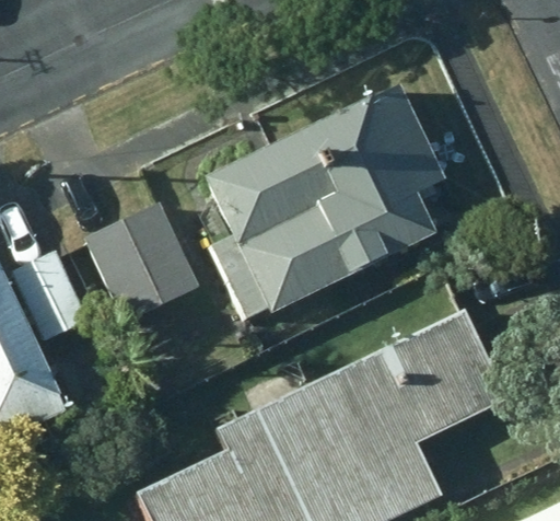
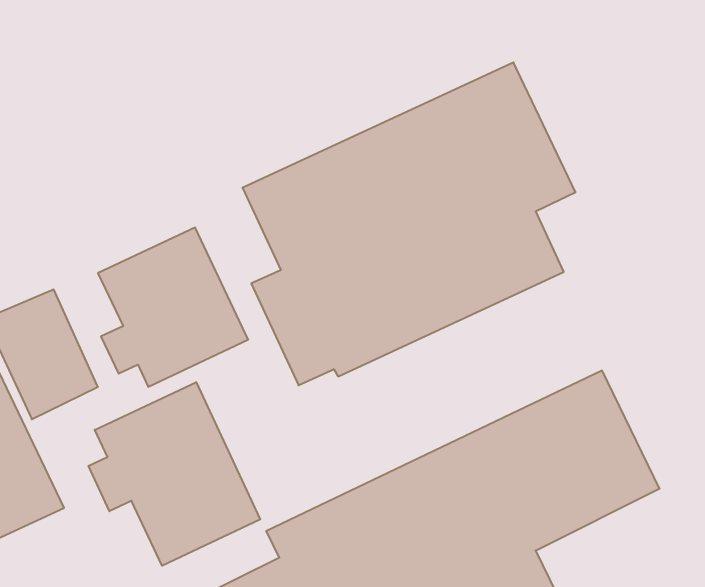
building: none -> [88,382,260,566]

